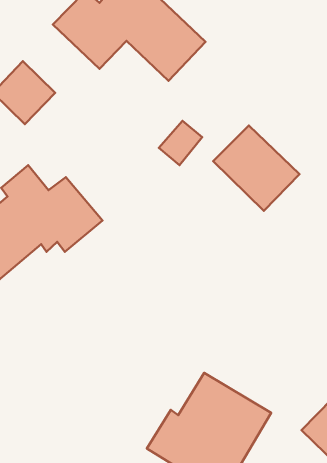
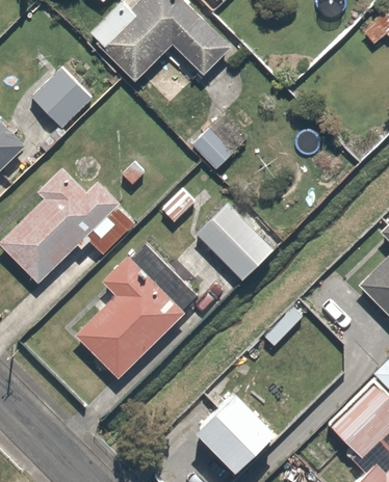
building: [213,126,300,211] -> [194,200,278,283]
building: none -> [78,255,186,379]

